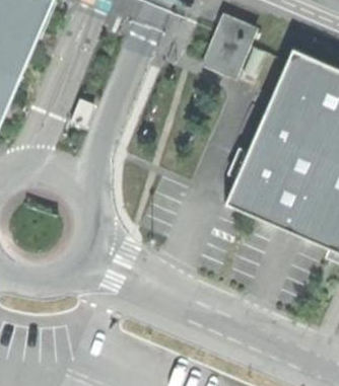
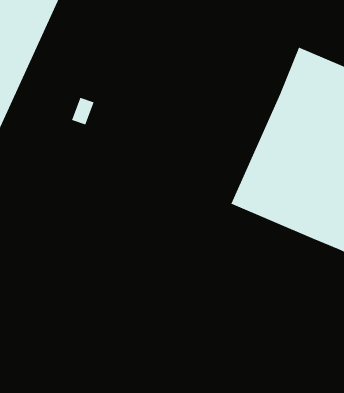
building: [202,14,256,77] -> none

